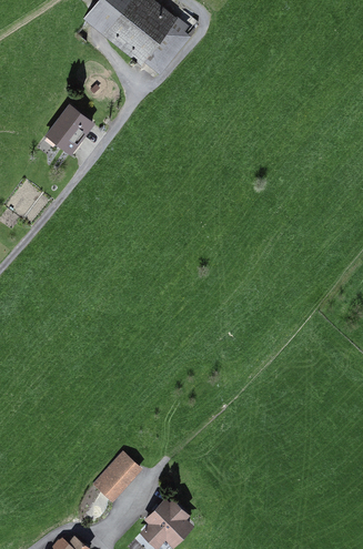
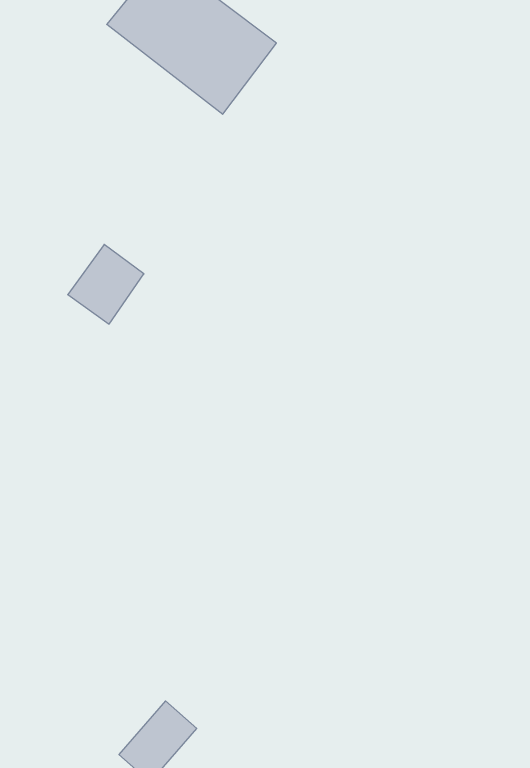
building: [46,103,94,154] -> [68,244,144,324]

